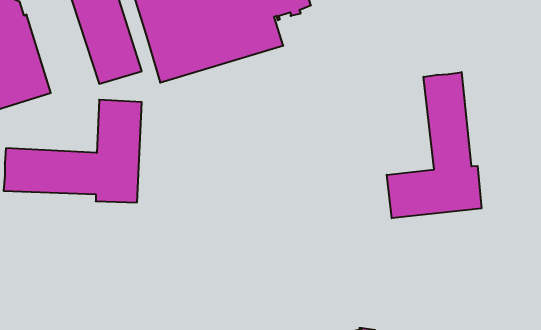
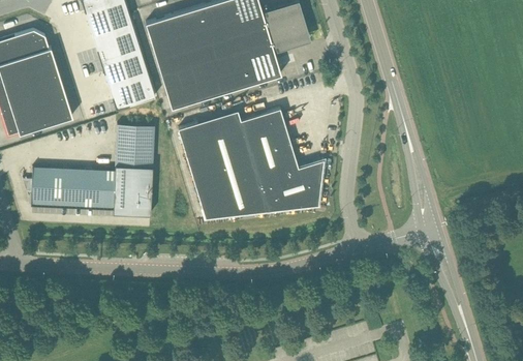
building: [387,72,481,218] -> none
building: none -> [179,109,325,218]

